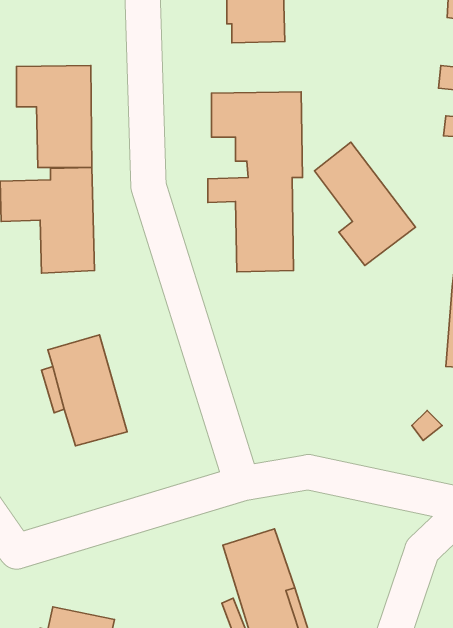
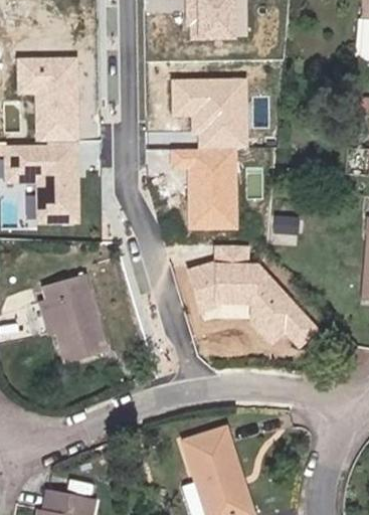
building: [314,142,416,265] -> none
building: none -> [190,243,311,340]

